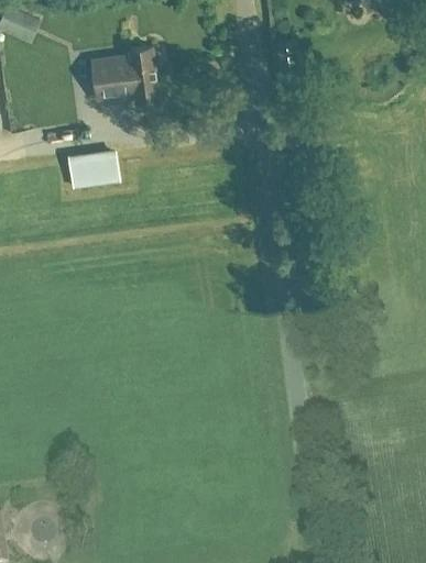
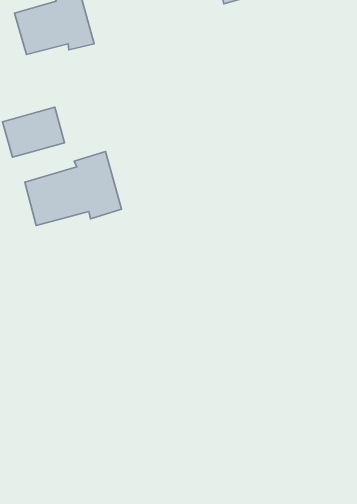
building: none -> [25,151,122,226]

